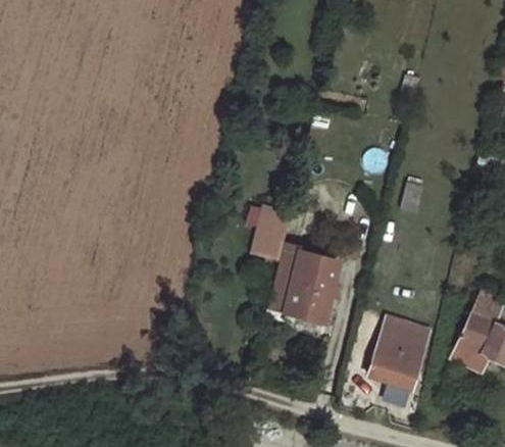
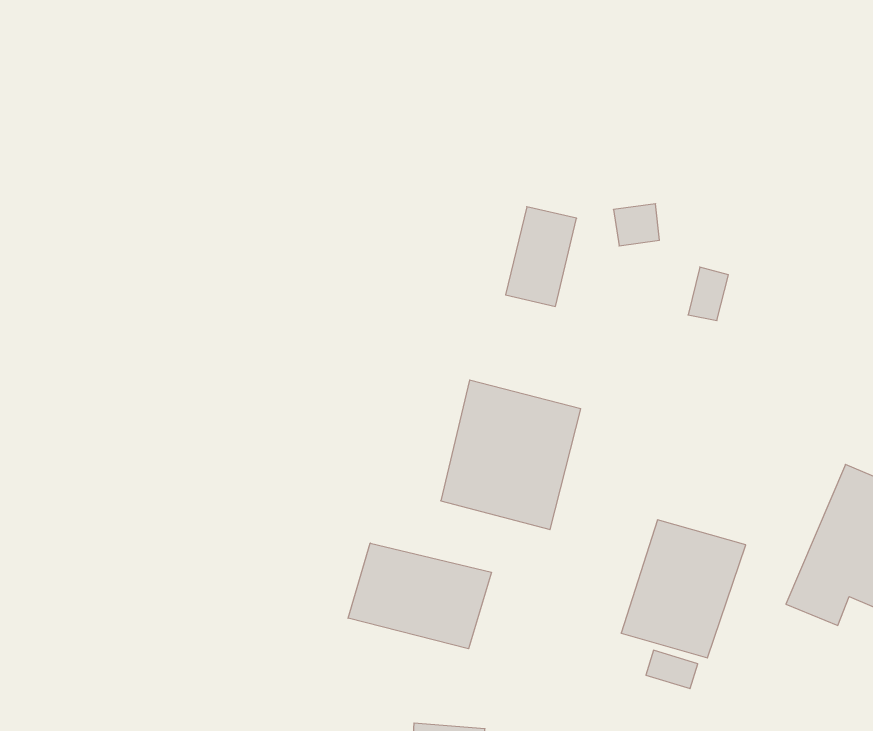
building: [251,206,289,259] -> [506,207,577,306]
building: none -> [348,543,491,649]

